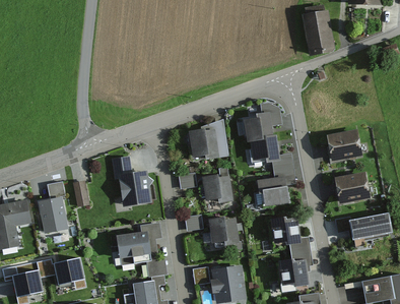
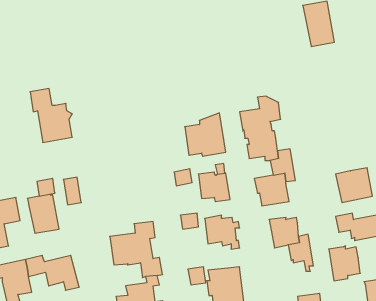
building: [326,129,361,163] -> none
building: [111,156,151,207] -> [30,89,72,142]
building: [277,259,308,293] -> [329,246,360,281]

